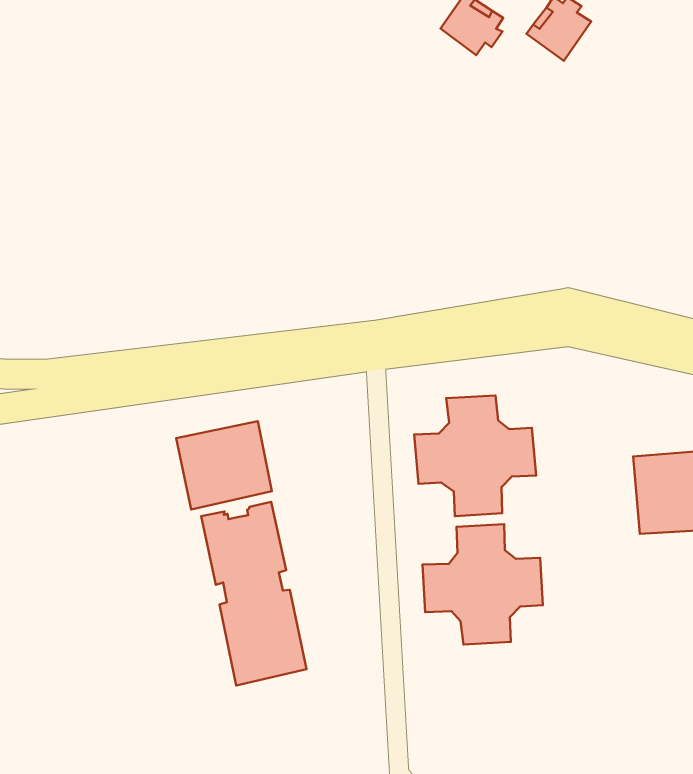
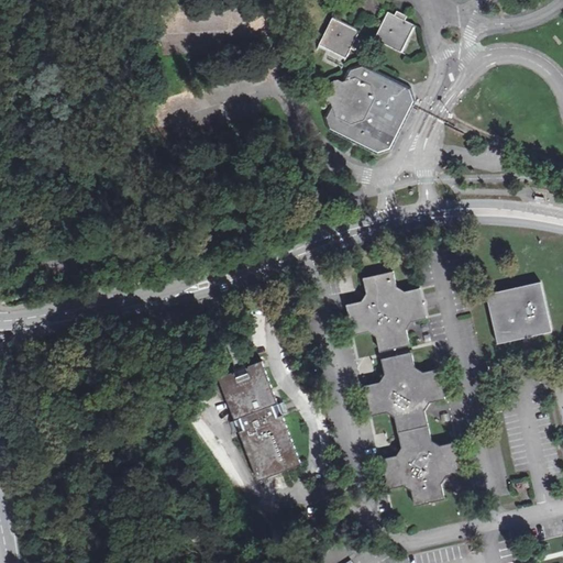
building: none -> [323,64,413,154]
building: [176,421,272,510] -> none
building: none -> [380,426,460,505]

